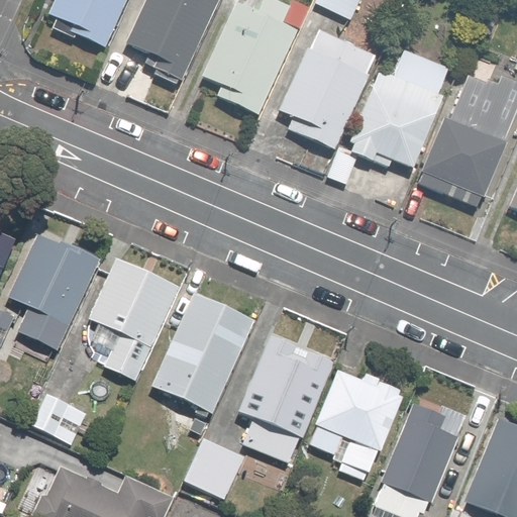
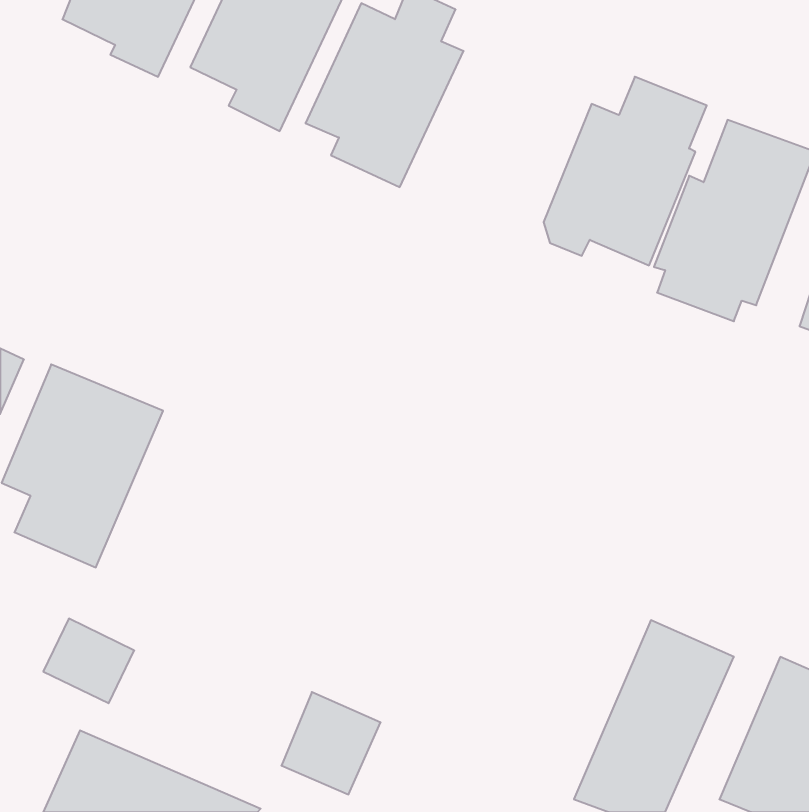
building: [276,46,369,151] -> none
building: [86,253,185,386] -> none
building: [150,292,257,417] -> none
building: [235,342,331,466] -> none
building: [301,372,409,483] -> none

